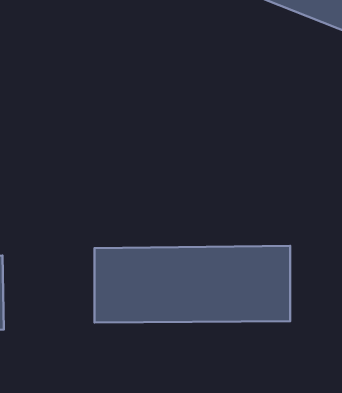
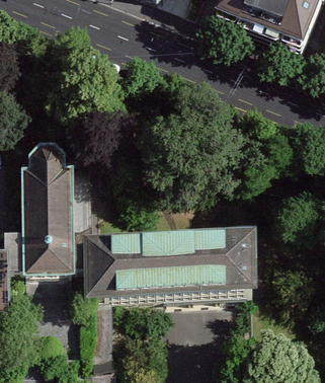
building: none -> [18,144,73,276]

